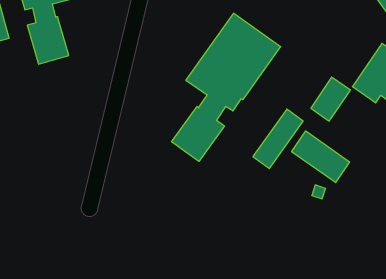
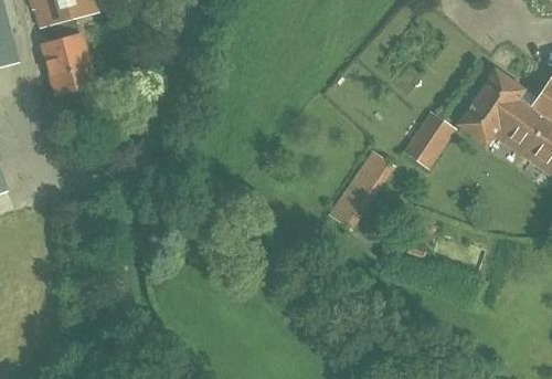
building: [172,13,281,161] -> none
building: [292,131,350,183] -> none

